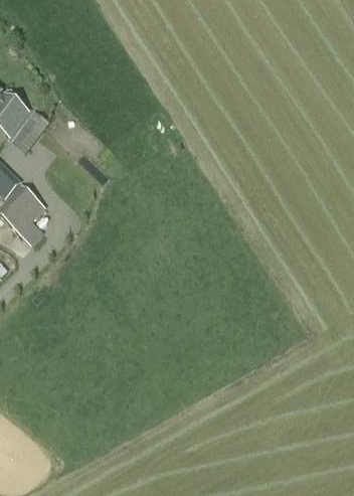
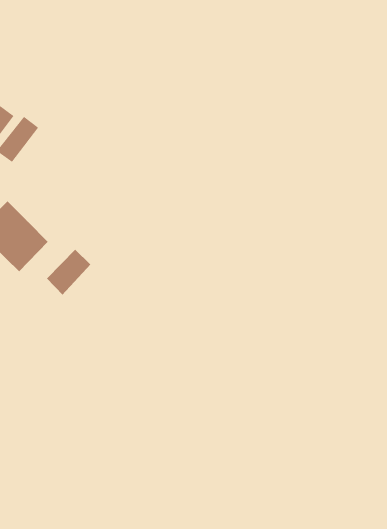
building: none -> [46,249,91,295]

